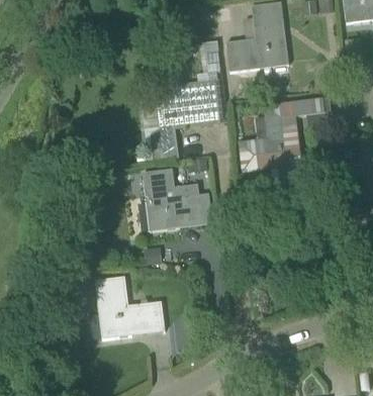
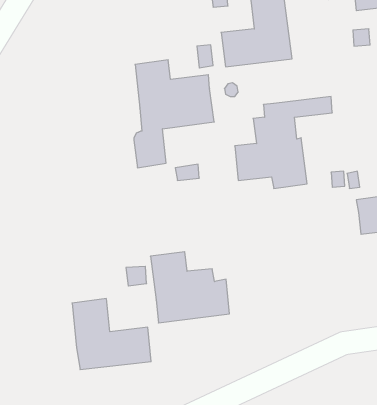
building: [142,169,211,231] -> [150,252,229,323]

